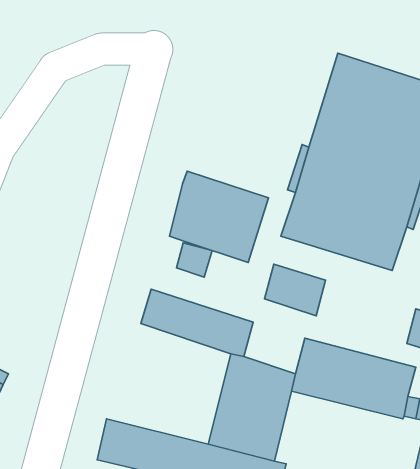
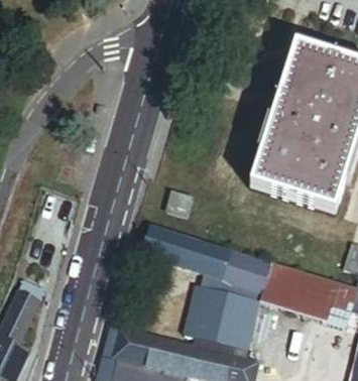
building: [169,171,268,262] -> none
building: [265,264,325,316] -> [222,252,268,291]

